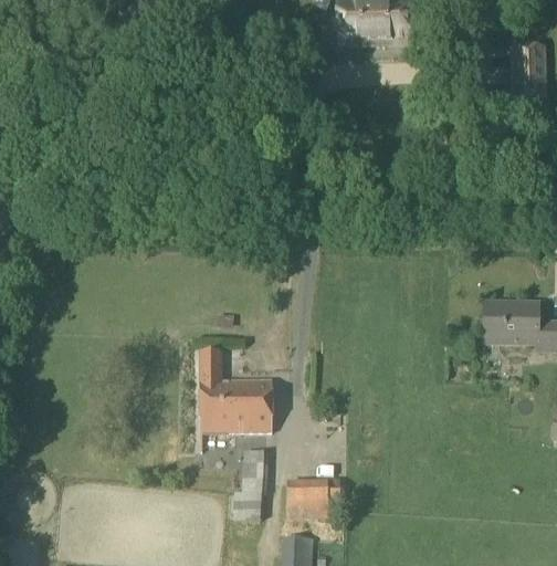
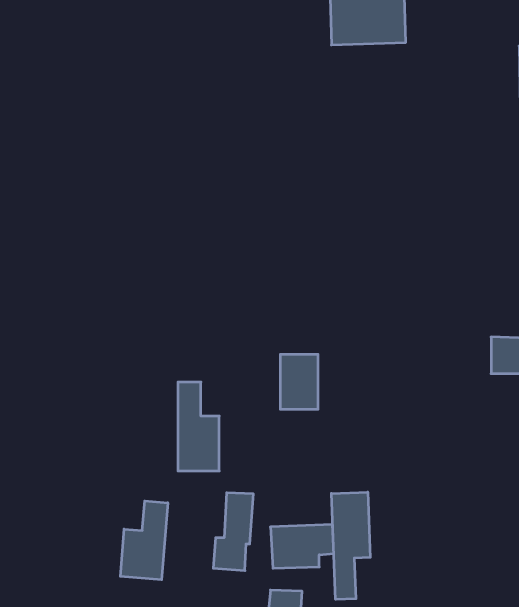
building: [237,380,271,430] -> [280,354,318,409]
building: none -> [331,492,370,599]
building: none -> [120,501,168,580]

